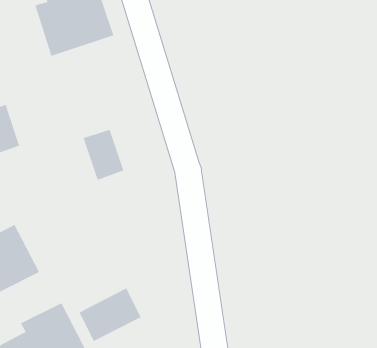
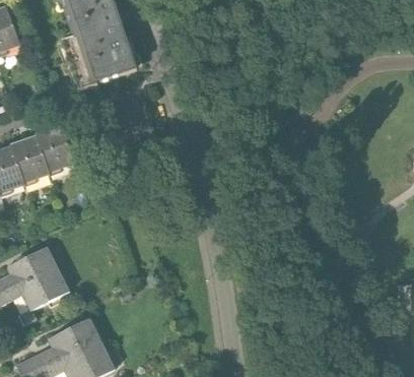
building: [83,129,124,180] -> [37,123,75,171]
building: [78,288,142,342] -> none

